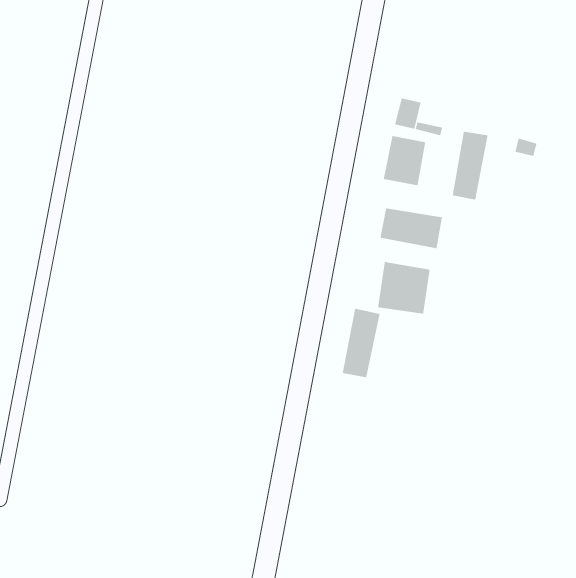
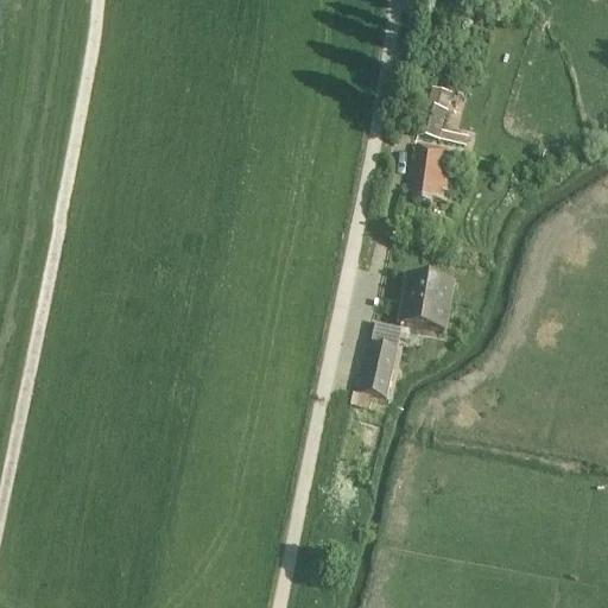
building: [452,131,489,201] -> none
building: [379,208,443,249] -> none

